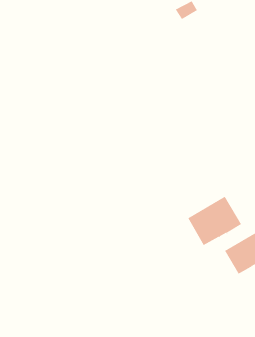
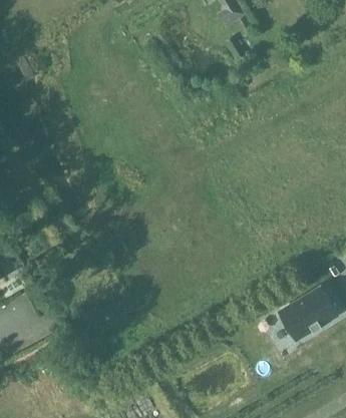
building: [187,196,242,246] -> none

